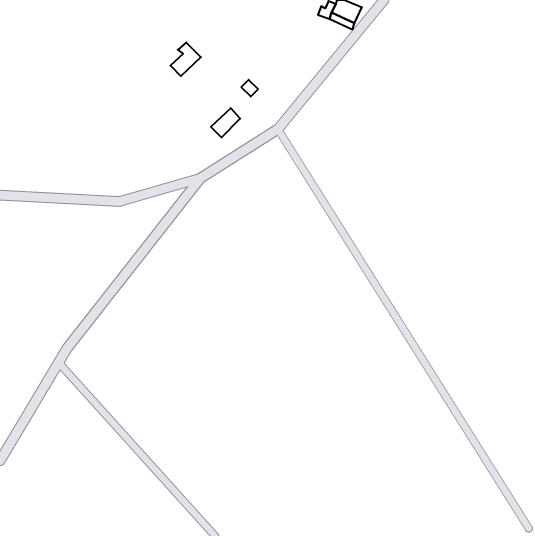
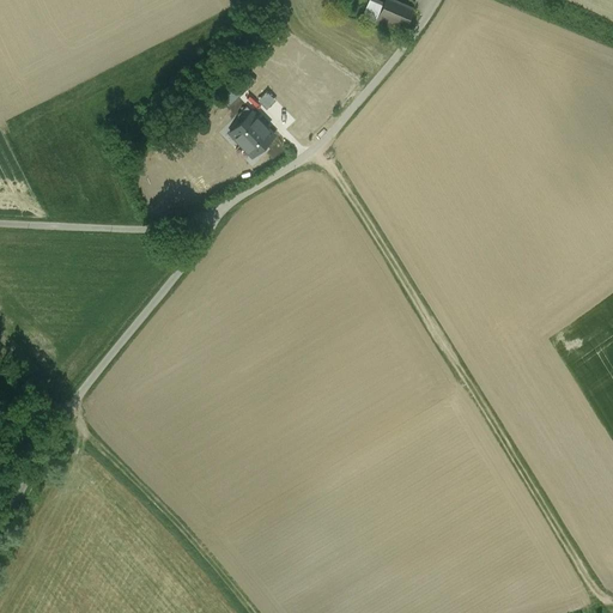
building: [170,42,201,76] -> [230,107,265,145]

